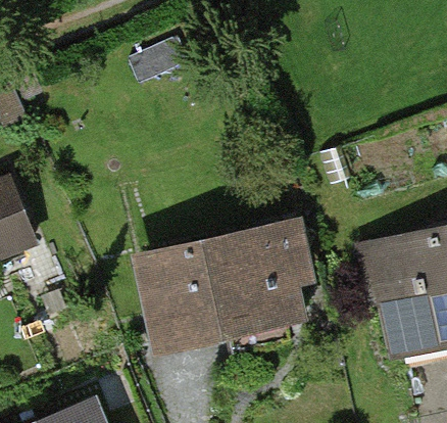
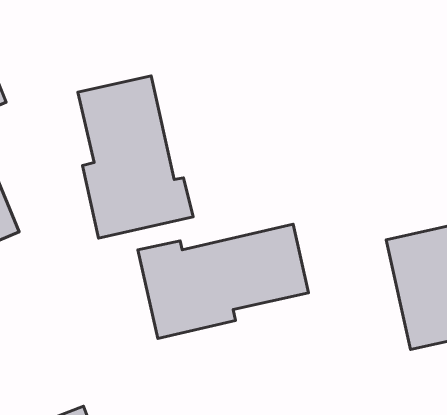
building: none -> [78,76,193,238]

